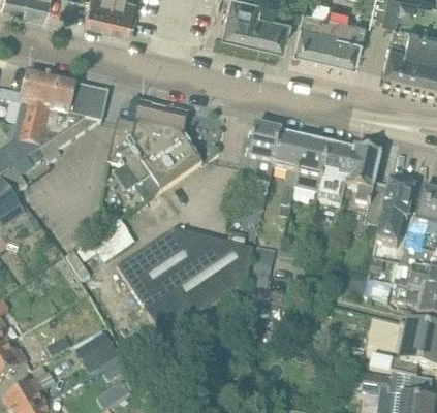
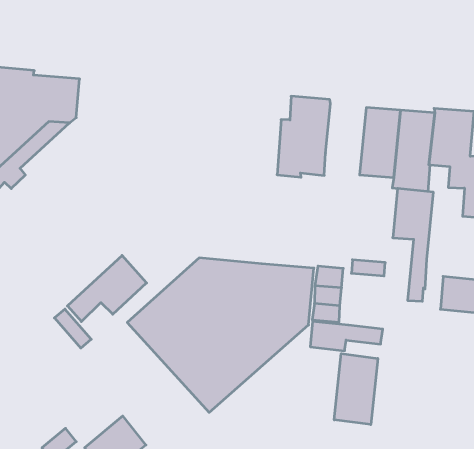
building: [108,99,202,199] -> none
building: [274,133,307,215] -> [393,188,433,301]
building: none -> [334,354,378,425]

